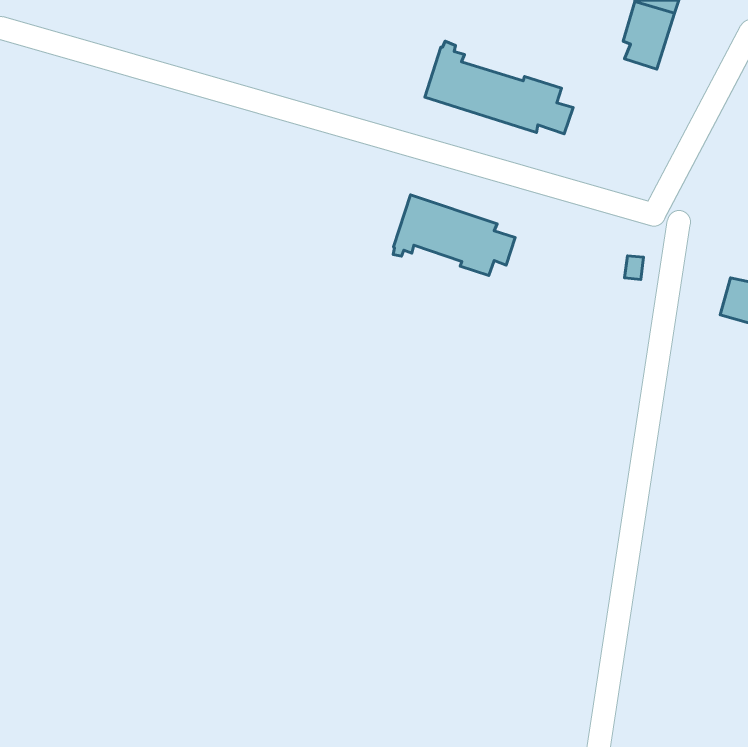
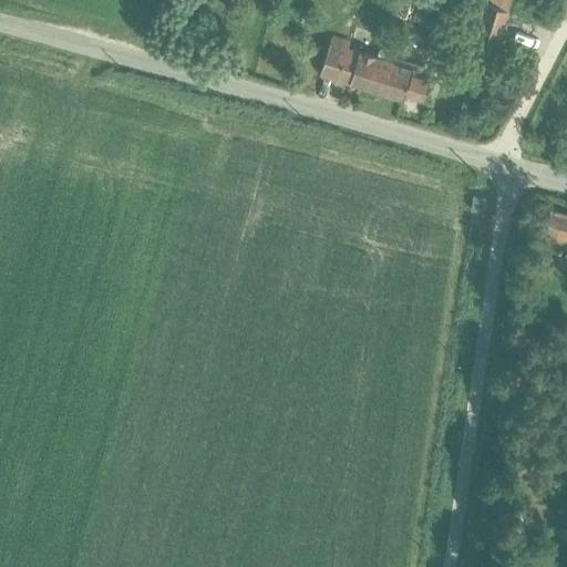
building: [393,195,515,276] -> none

